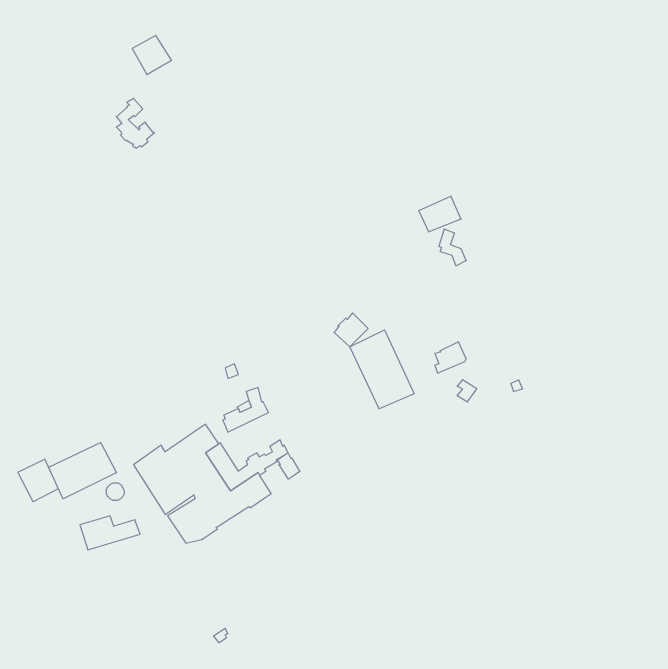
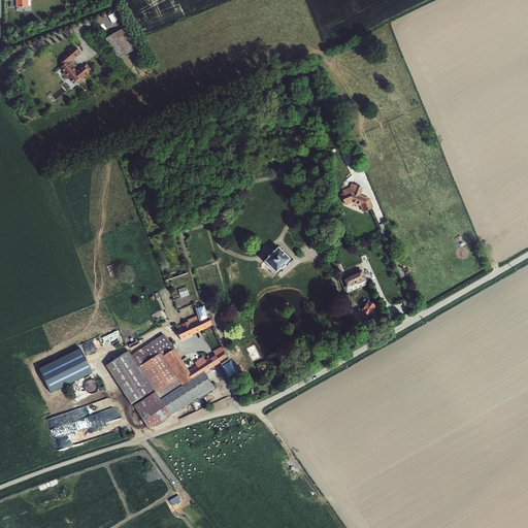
building: [116,98,154,148] -> [59,45,89,85]
building: [419,196,461,232] -> none
building: [350,330,414,409] -> none
building: [18,459,58,502] -> none

